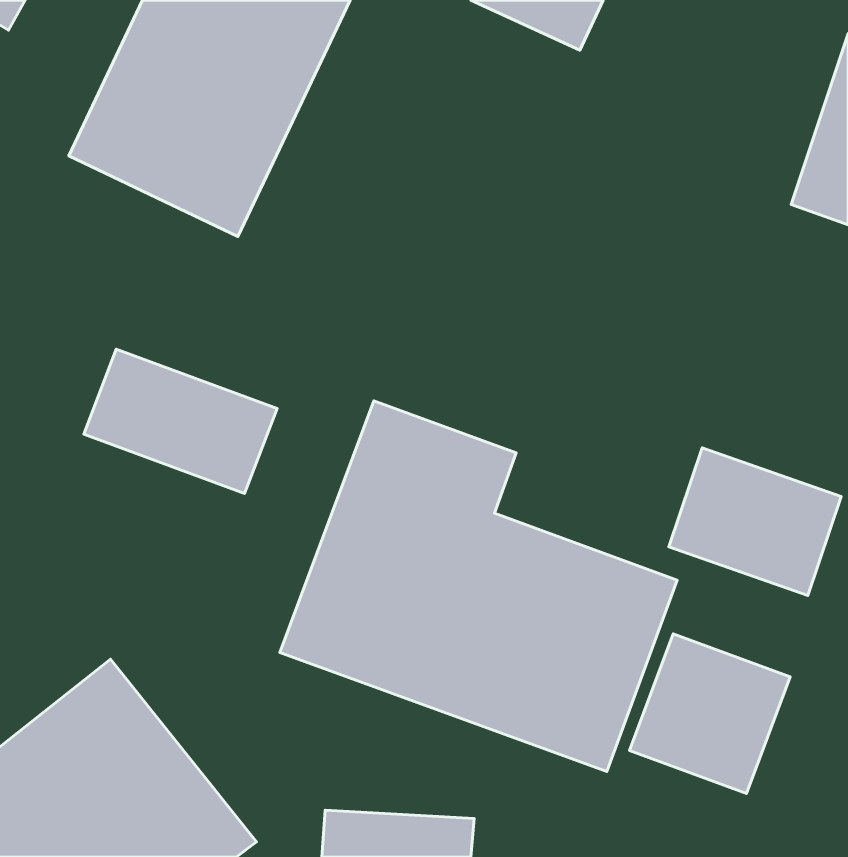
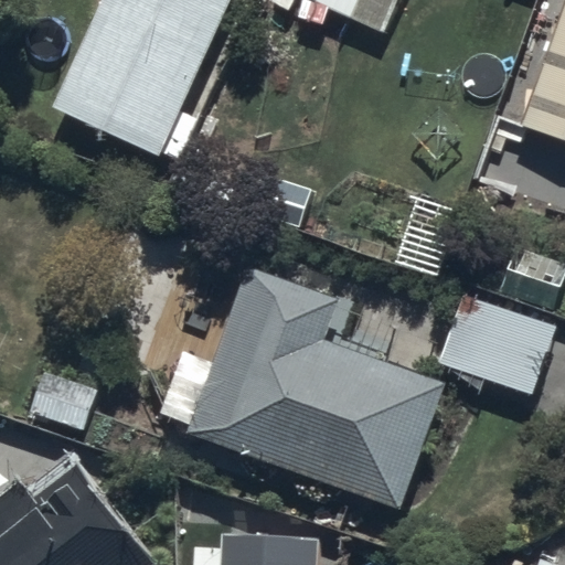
building: [84,349,277,494] -> none
building: [630,634,790,794] -> none

